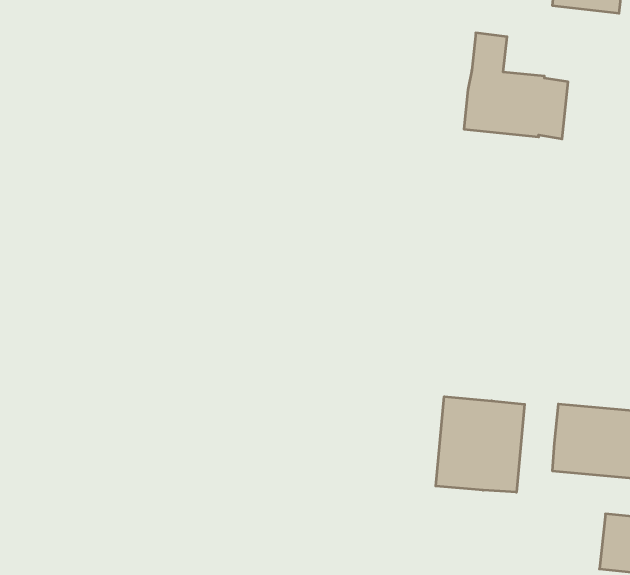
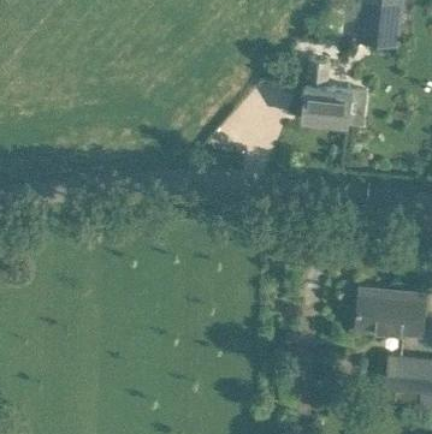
building: [436,397,525,492] -> none

